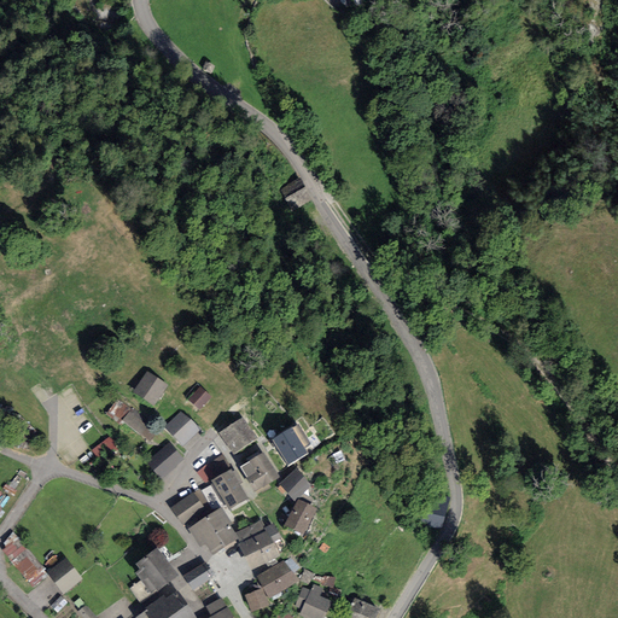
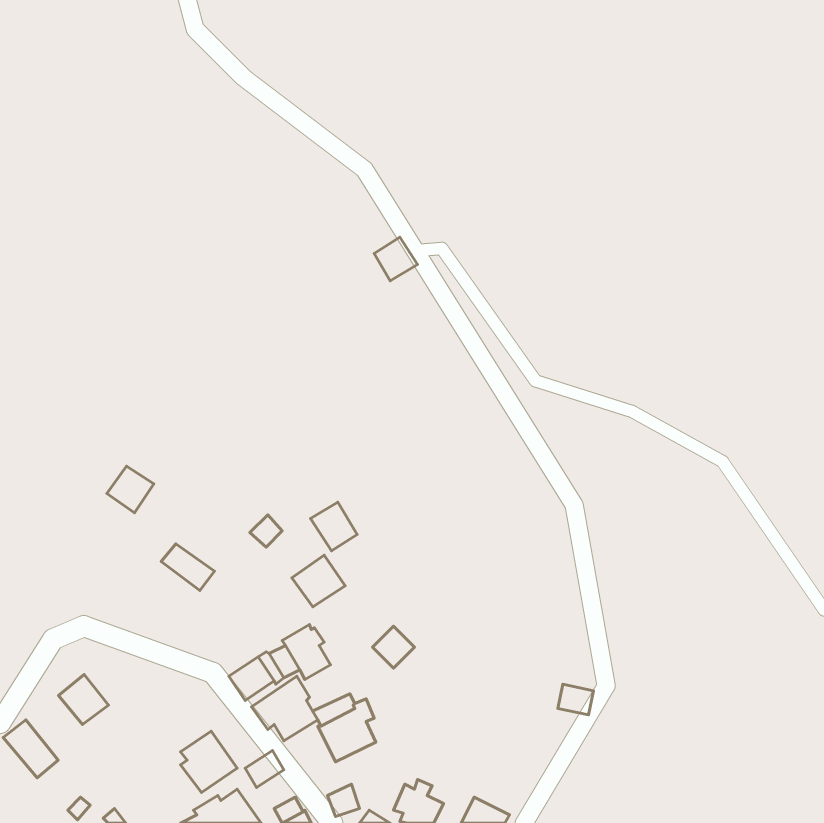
building: [133,371,168,406] -> [107,466,154,513]
building: [164,410,202,447] -> none
building: [272,427,307,464] -> [310,502,357,551]
building: [147,443,185,478] -> none
building: [240,450,279,490] -> none
building: [284,497,319,535] -> none
building: [45,556,82,594] -> [58,675,108,725]
building: [257,560,298,596] -> none

